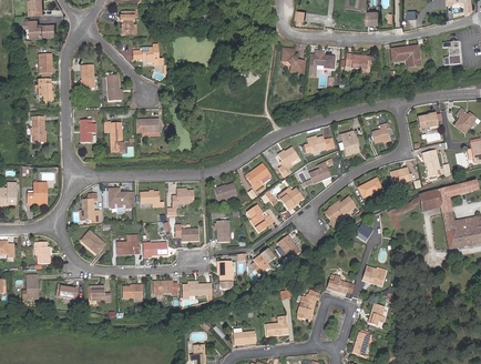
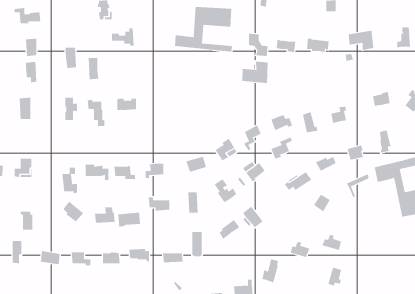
building: none -> [174,6,233,53]
building: none -> [242,61,268,84]

